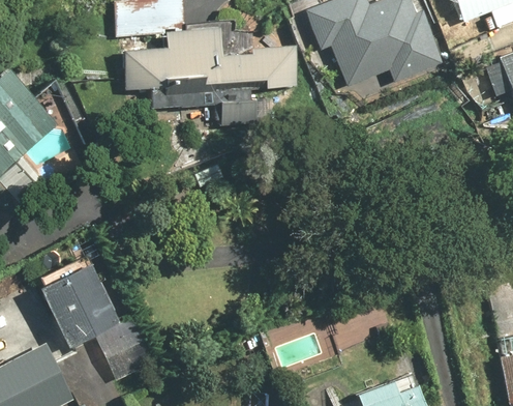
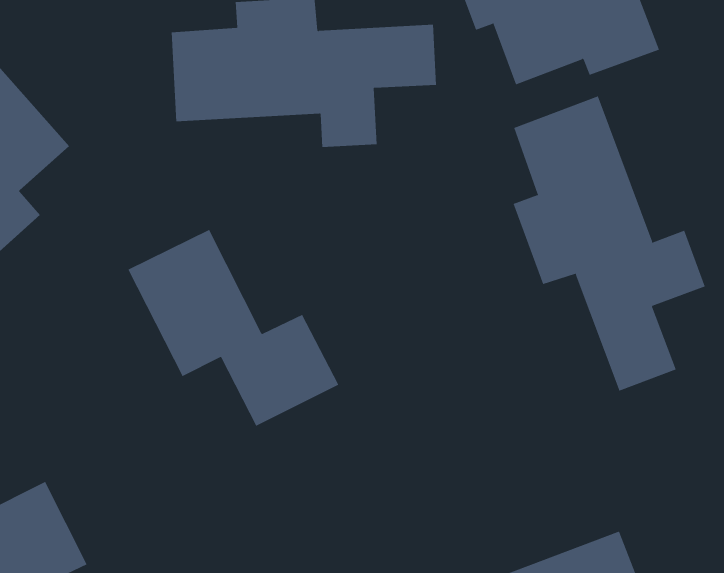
building: none -> [513,96,706,391]
building: [34,254,171,381] -> [128,229,339,426]

